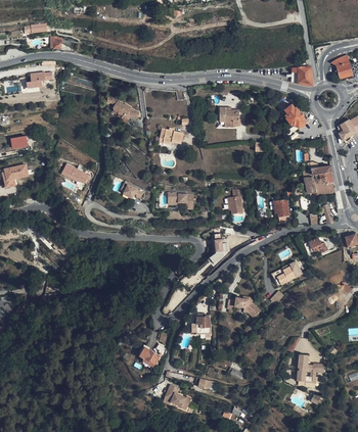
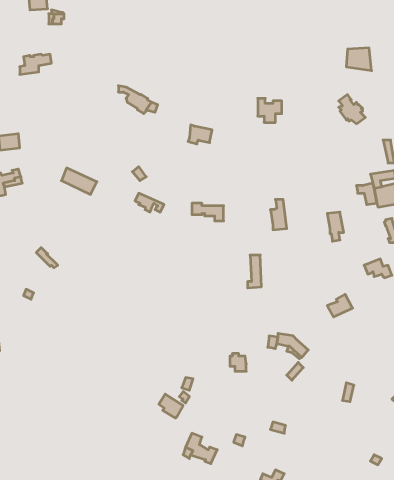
building: [294,361,322,387] -> none

